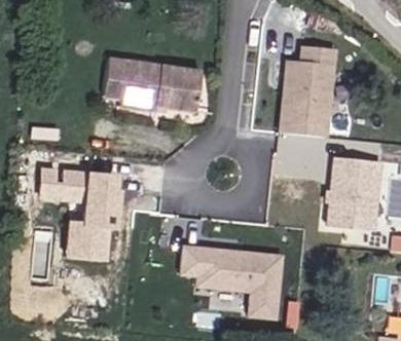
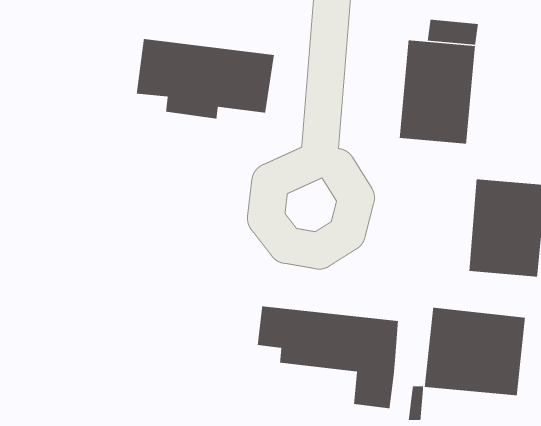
building: [39,167,123,260] -> none
building: none -> [424,307,526,396]

